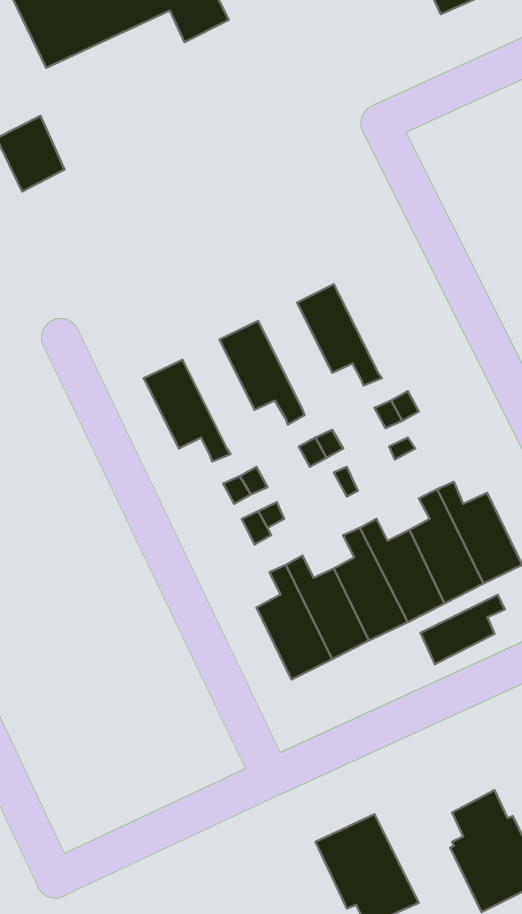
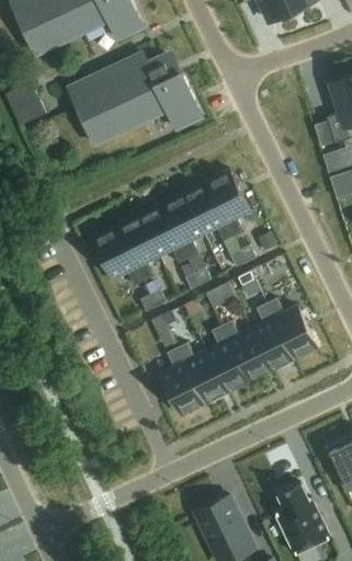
building: none -> [68,51,203,142]
building: none -> [205,169,249,237]
building: none -> [160,192,204,259]
building: none -> [115,214,158,282]
building: [420,595,505,664] -> none

